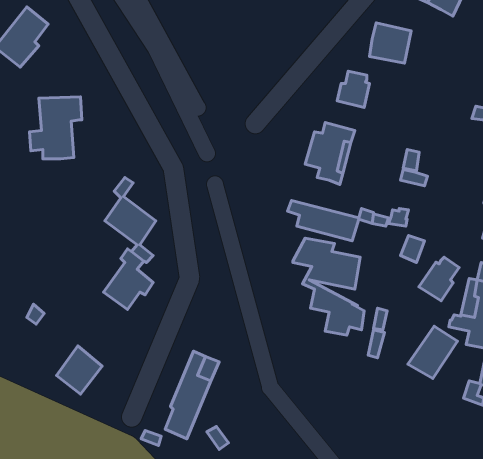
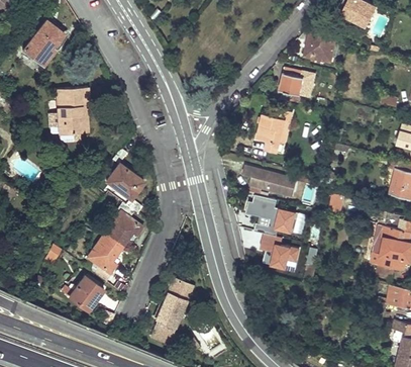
building: [419,257,459,301] -> none
building: none -> [87,235,122,282]
building: [408,326,458,379] -> none

